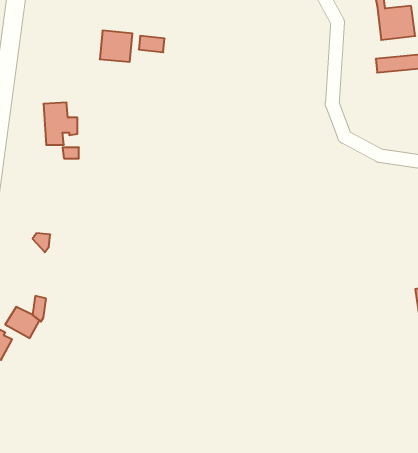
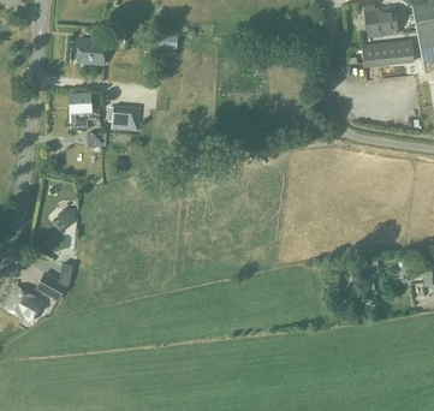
building: [100,31,132,62] -> [77,37,106,65]
building: none -> [112,107,139,130]

